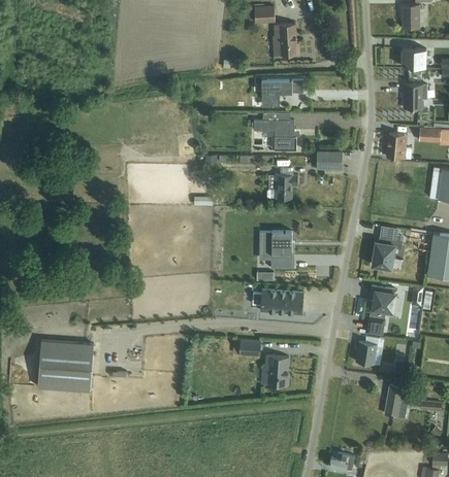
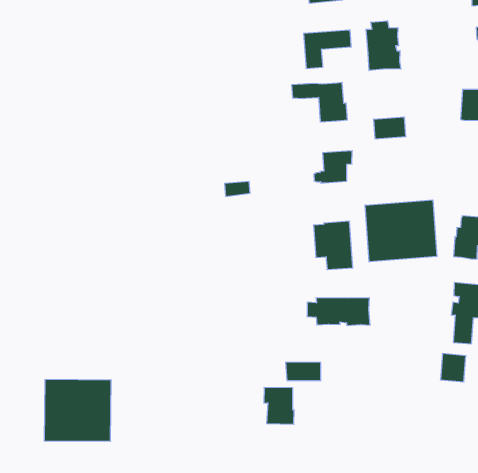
building: none -> [366,21,401,71]
building: none -> [365,200,437,262]
building: [265,355,289,386] -> [264,387,294,424]

